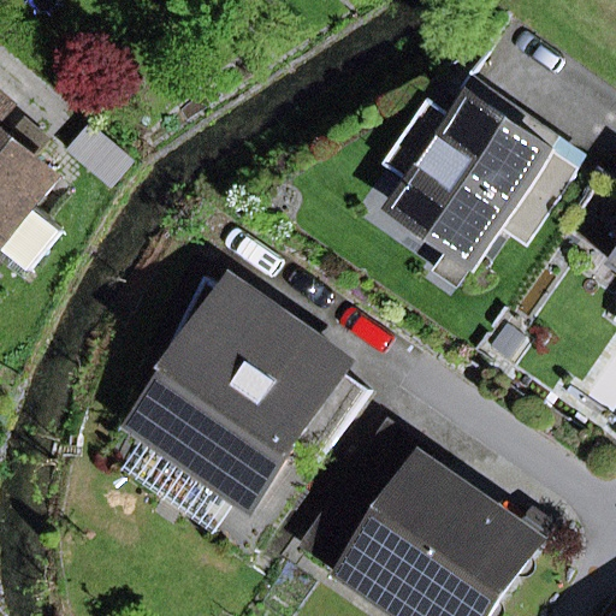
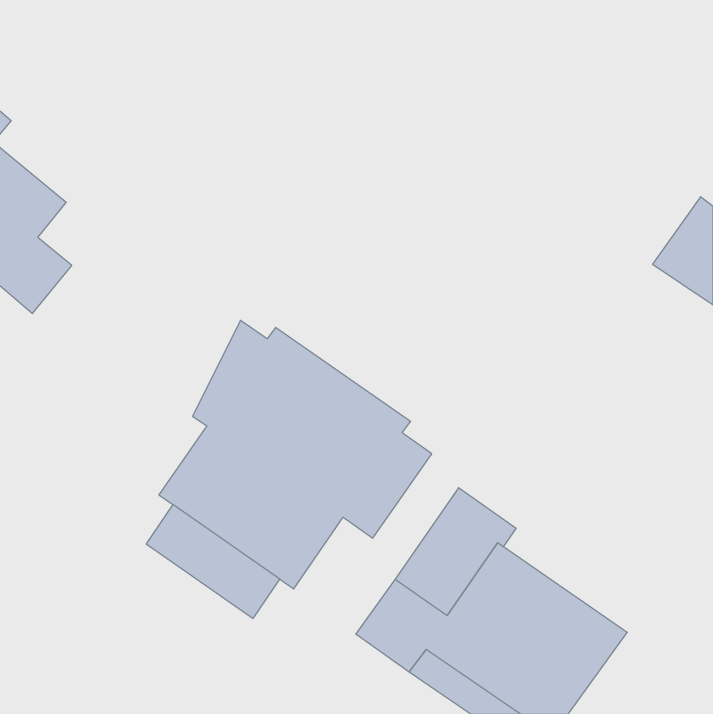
building: [397,94,578,284] -> none

